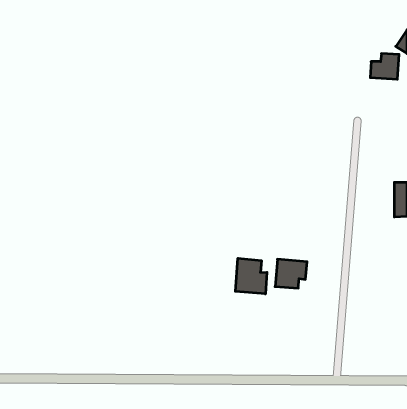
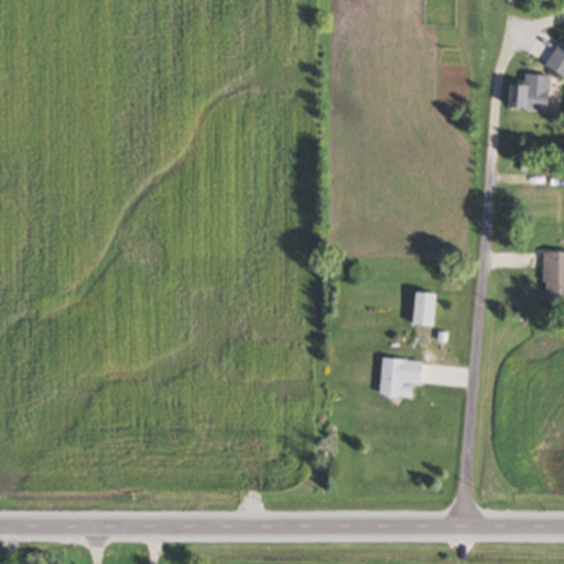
building: none -> [414,291,436,325]
building: [235,258,267,294] -> none

